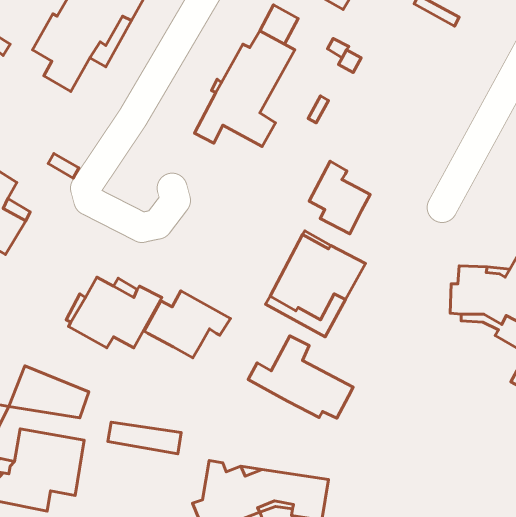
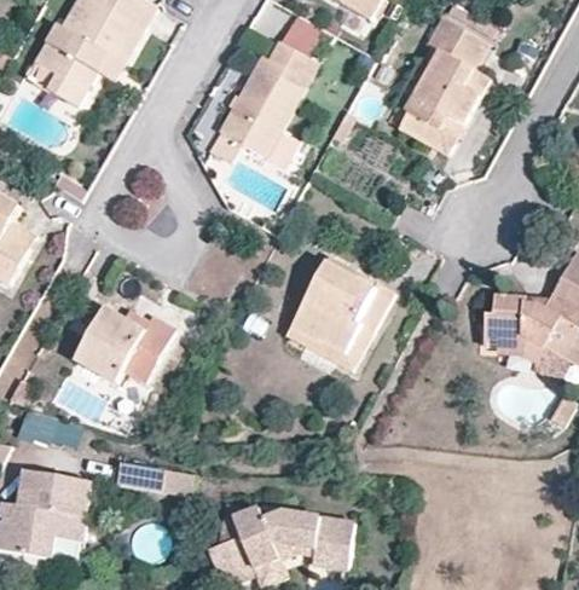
building: none -> [396,16,490,152]
building: [309,161,370,234] -> none
building: [144,291,230,358] -> none
building: [248,336,353,418] -> none

